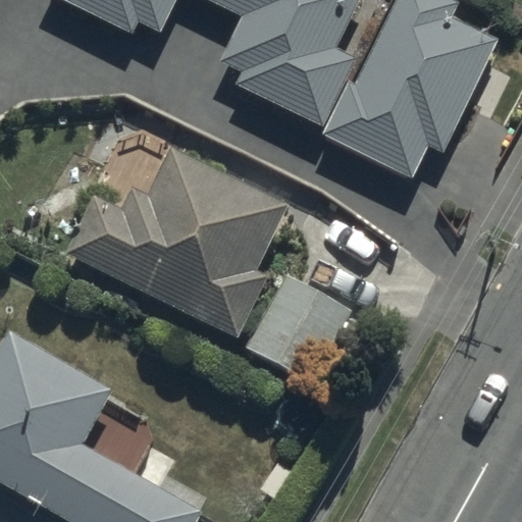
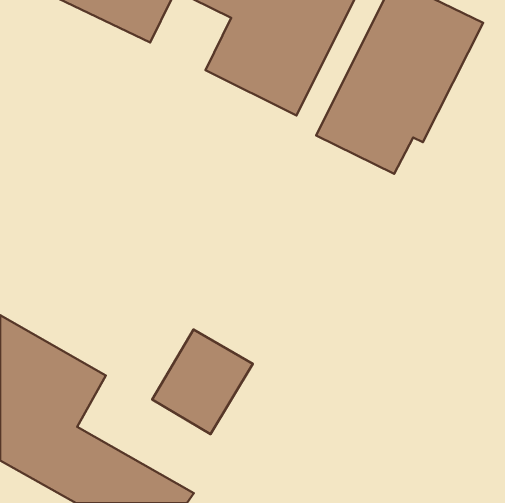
building: [62,152,293,332] -> none
building: [246,276,350,384] -> [152,329,253,434]

